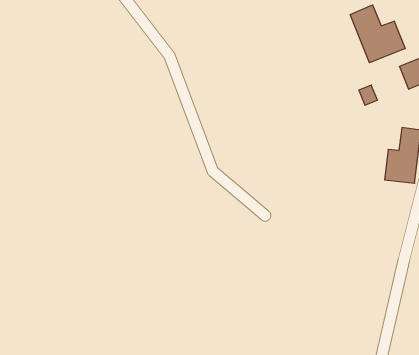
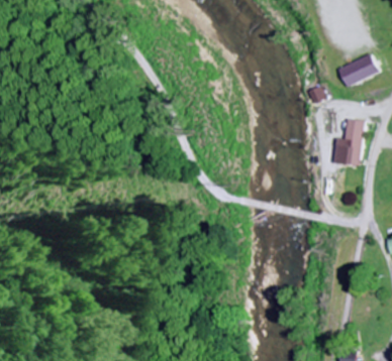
building: [350,5,405,63] -> none

